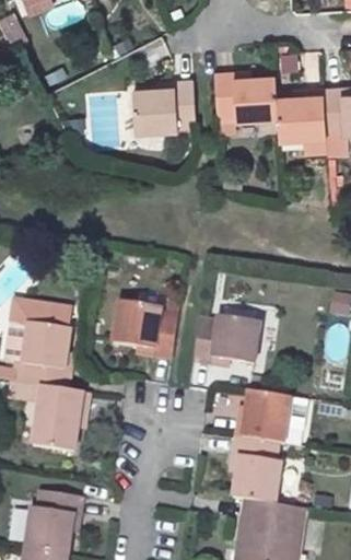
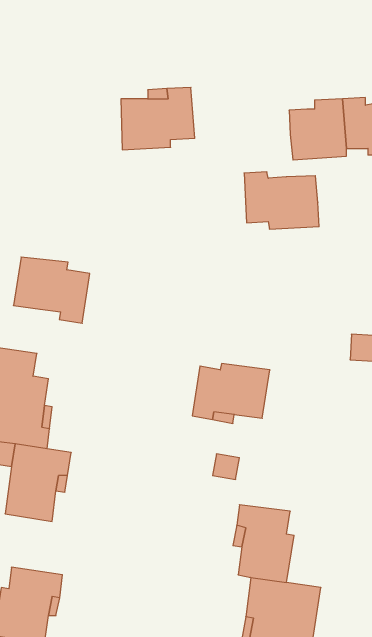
building: [214,72,279,121] -> [244,172,319,229]
building: [114,302,179,359] -> [13,257,90,323]
building: [235,392,292,444] -> none

